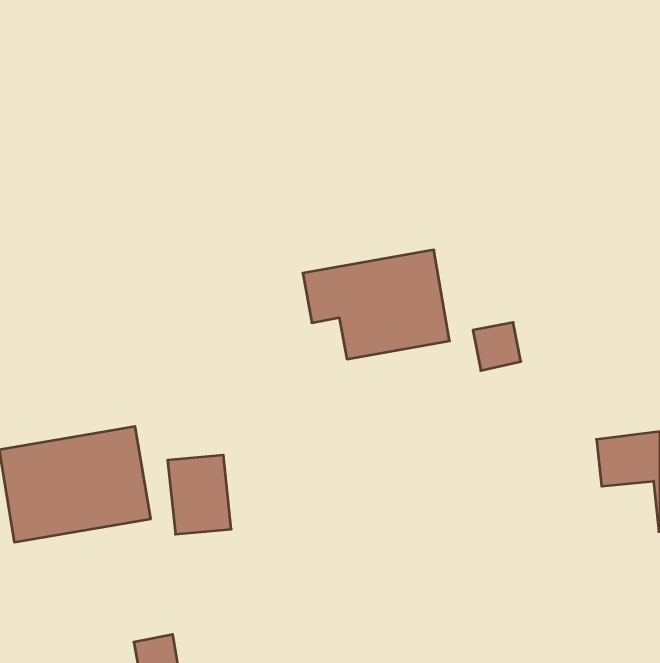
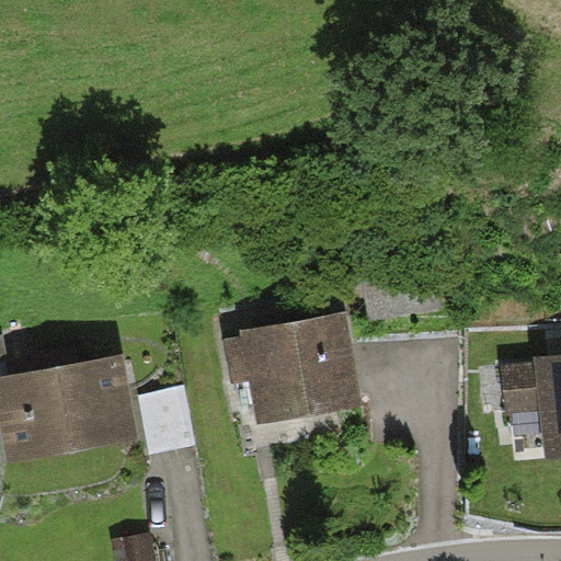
building: [303,250,450,359] -> [227,321,351,413]

